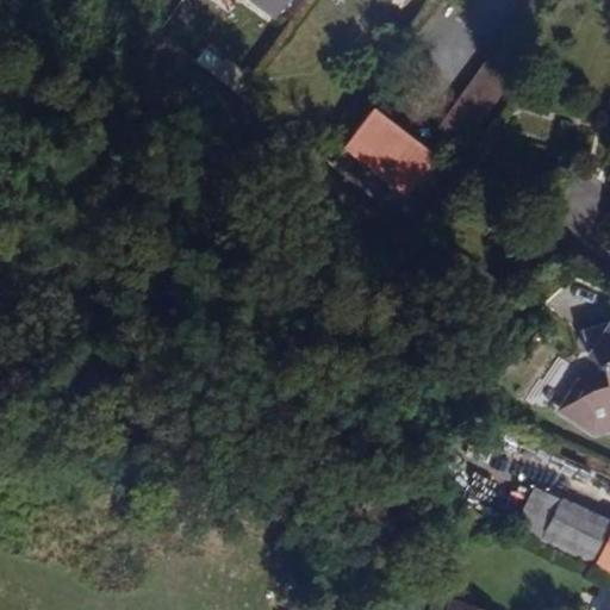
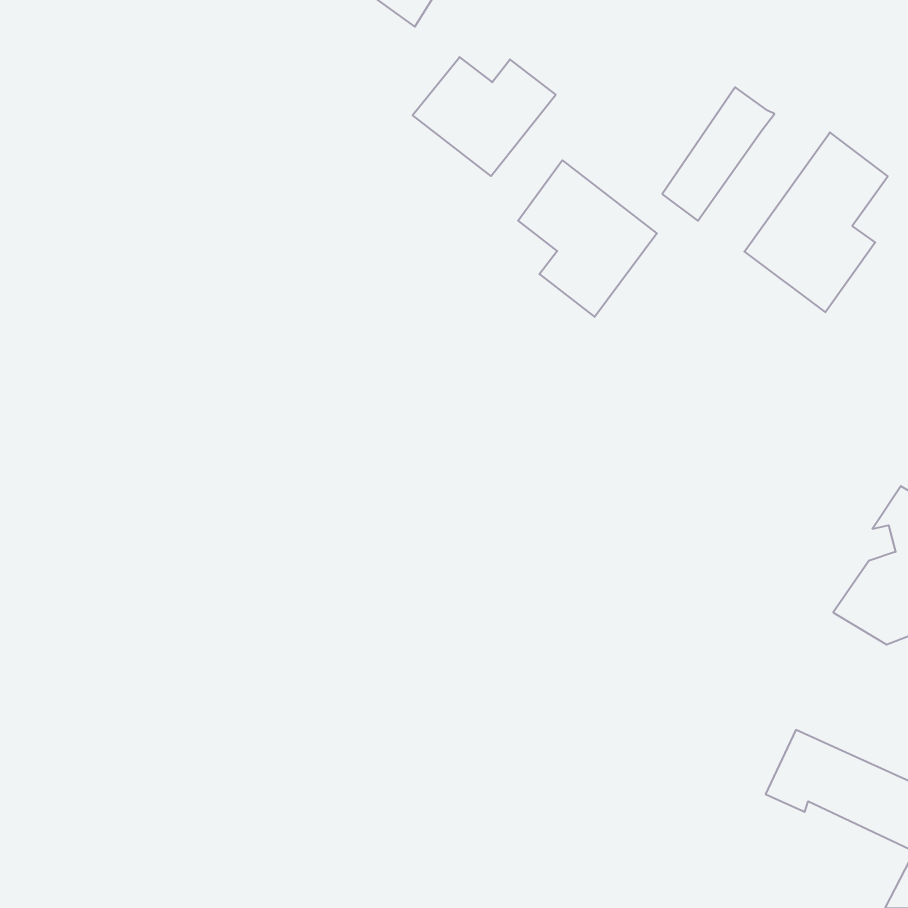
building: none -> [413,57,556,176]
building: none -> [744,132,888,312]

